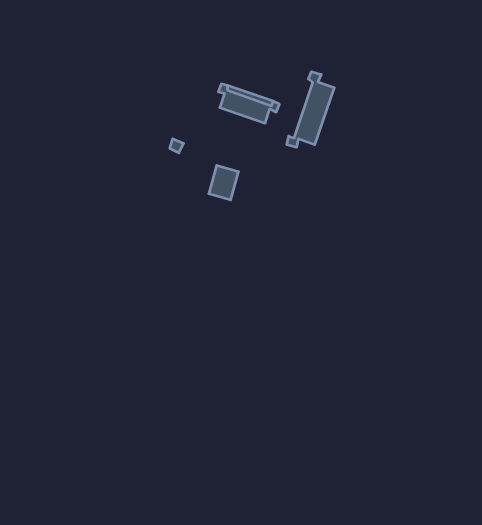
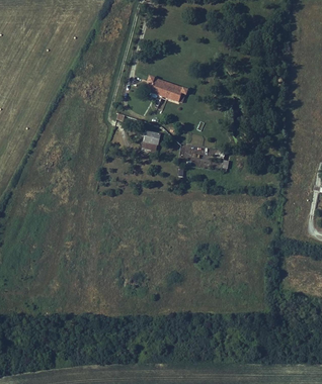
building: [287,72,334,147] -> none

